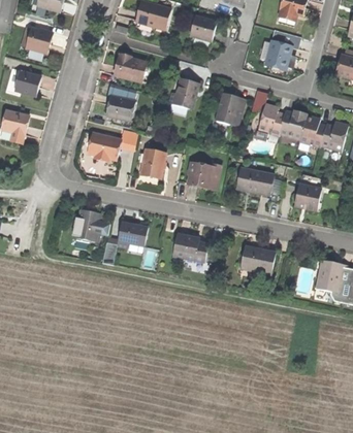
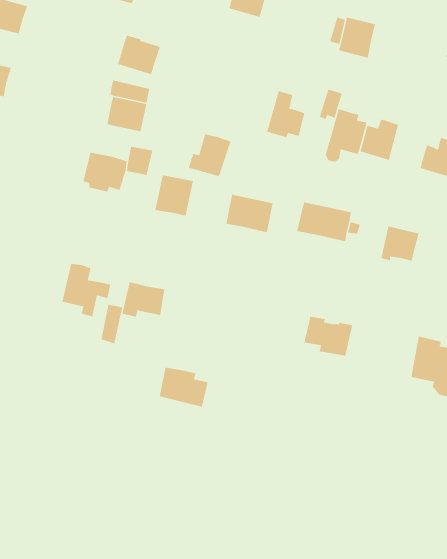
building: [169,77,199,107] -> [188,134,232,177]
building: [300,115,325,146] -> none
building: [173,233,207,261] -> [159,367,208,407]

